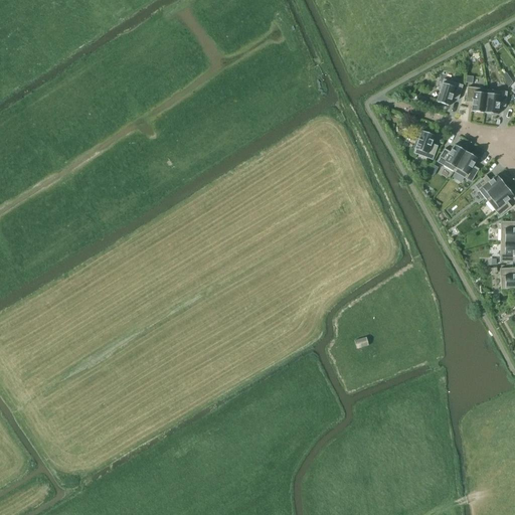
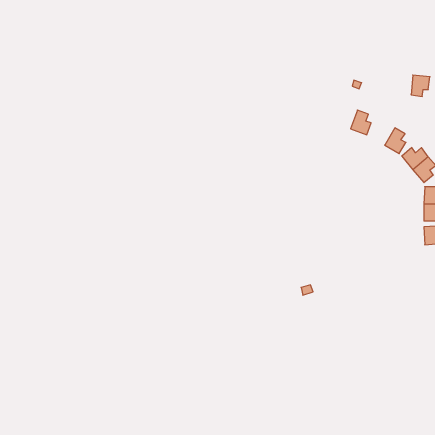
building: [438,78,464,105] -> none
building: [467,87,488,112] -> none
building: [438,144,467,171] -> none

